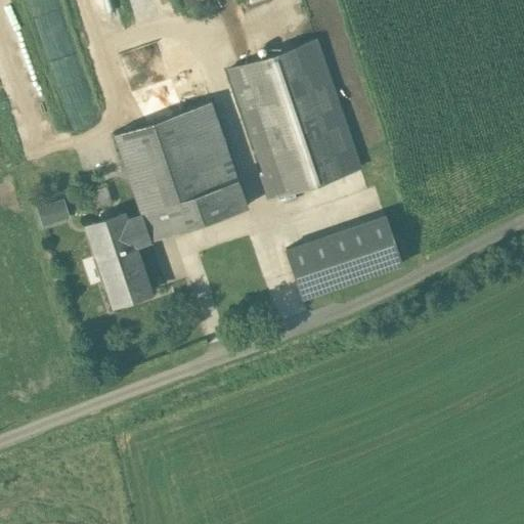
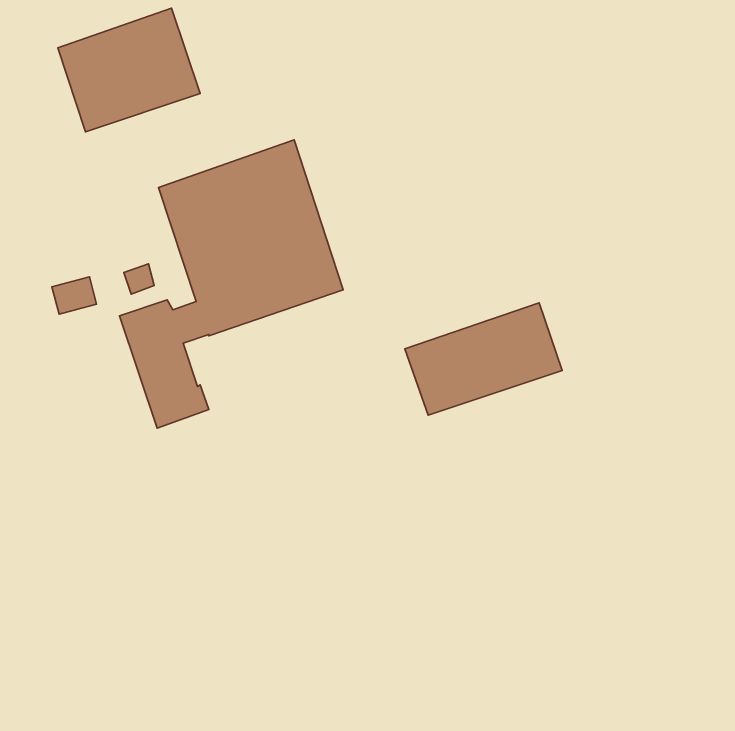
building: none -> [58,8,200,132]
building: [230,37,367,196] -> none

